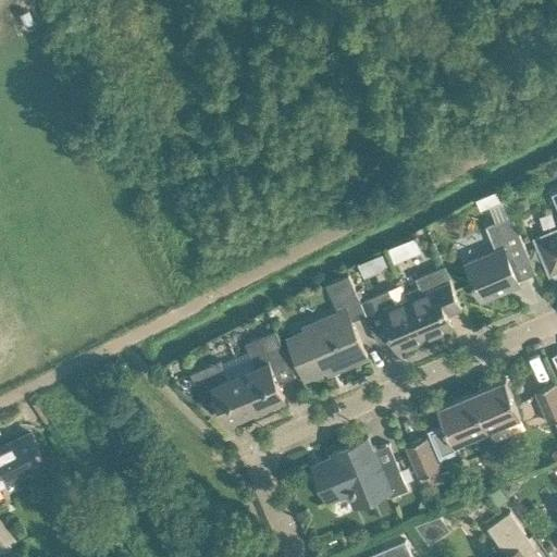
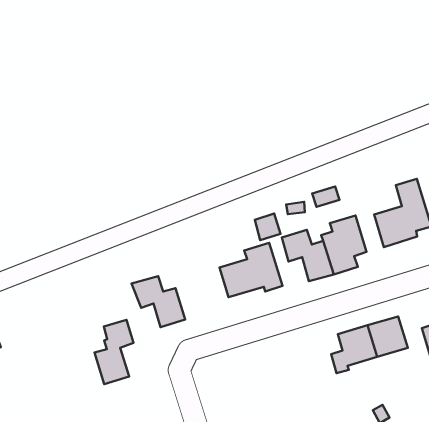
building: [240,334,285,412] -> [95,320,134,384]
building: [405,440,438,481] -> none
building: [313,441,407,505] -> none

